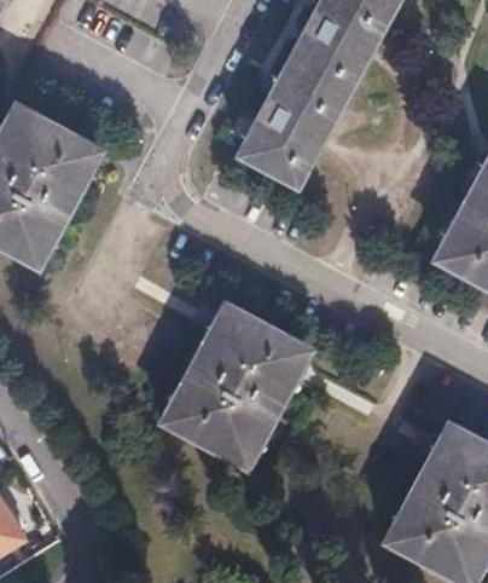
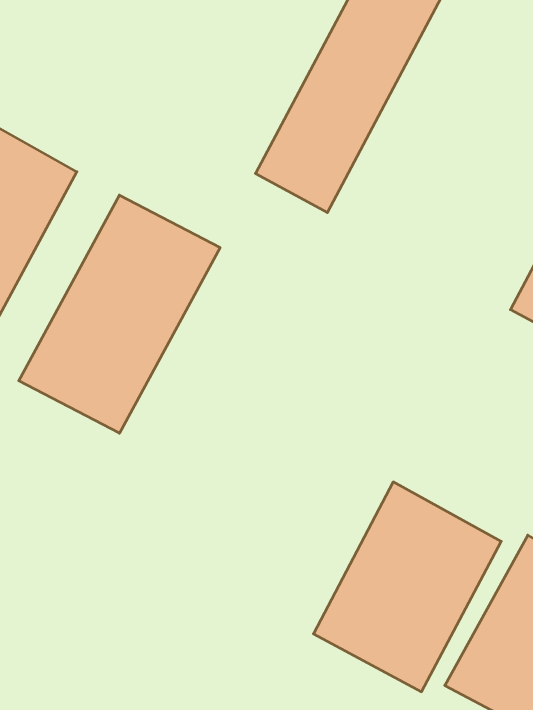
building: none -> [19,195,220,433]
building: [163,312,308,474] -> [313,482,501,692]

